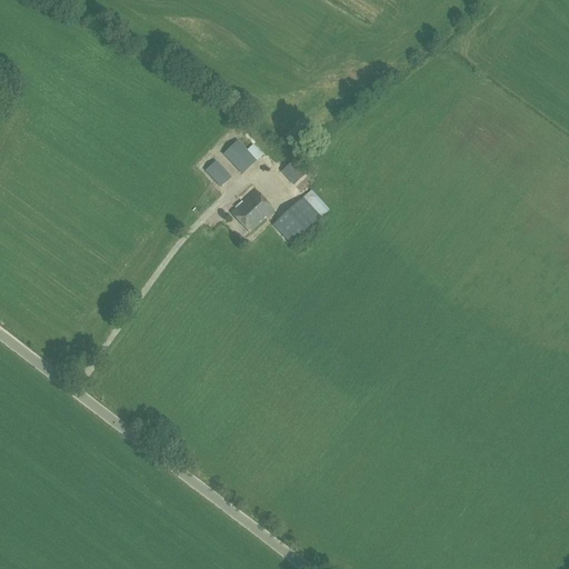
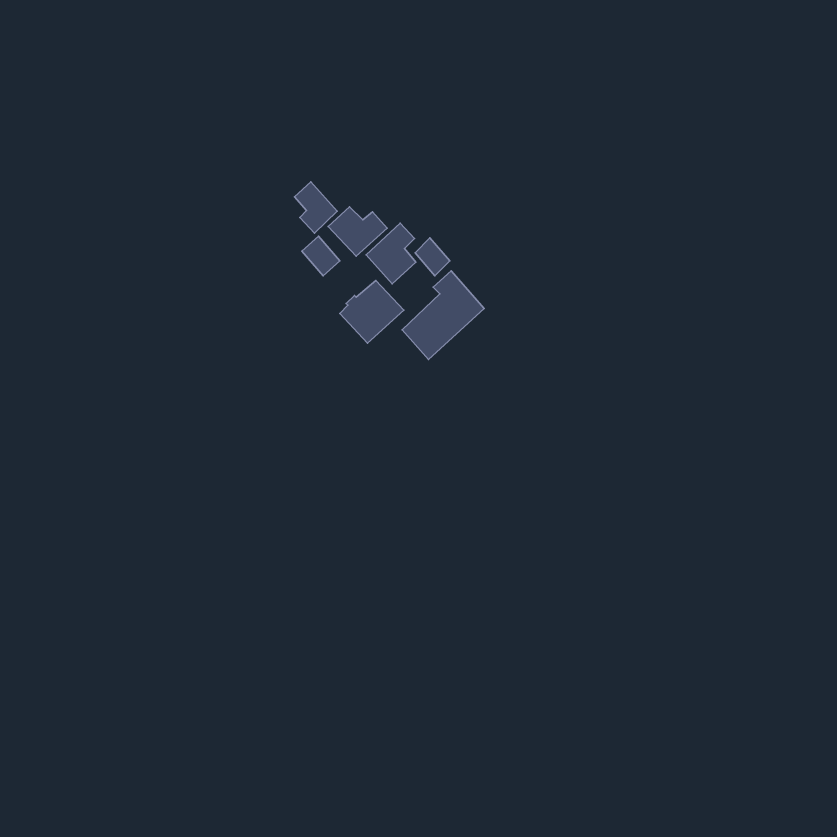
building: none -> [295,182,337,233]
building: none -> [366,223,416,284]

